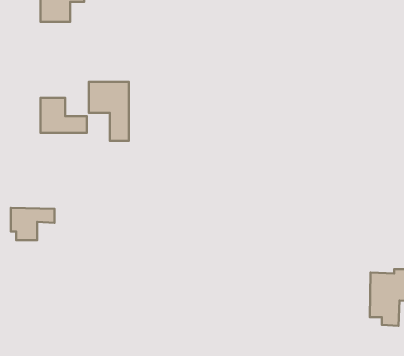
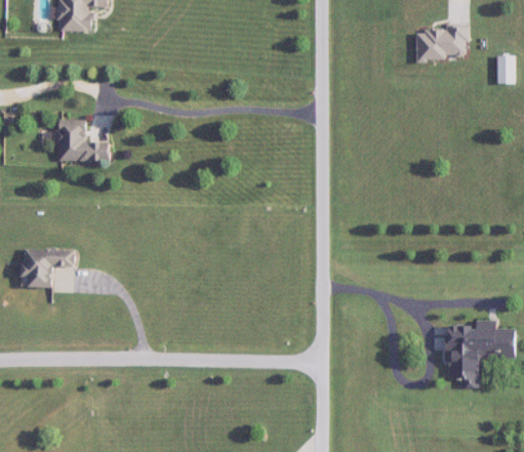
building: none -> [413,30,465,60]
building: [89,82,129,141] -> none

